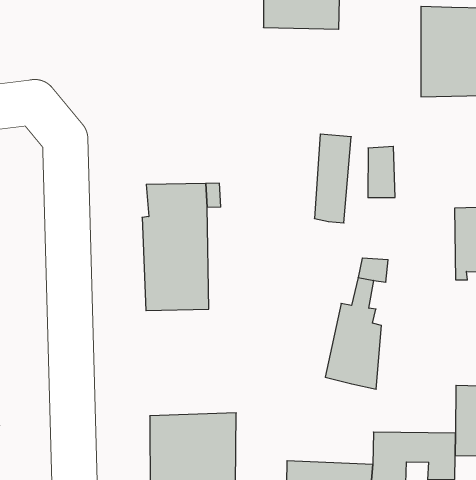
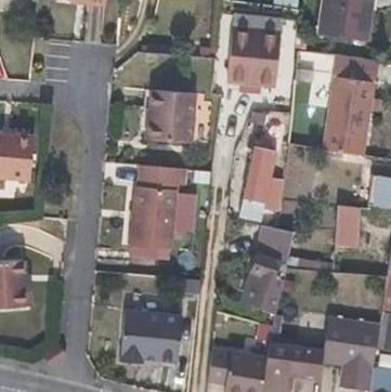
building: none -> [155,89,203,143]

